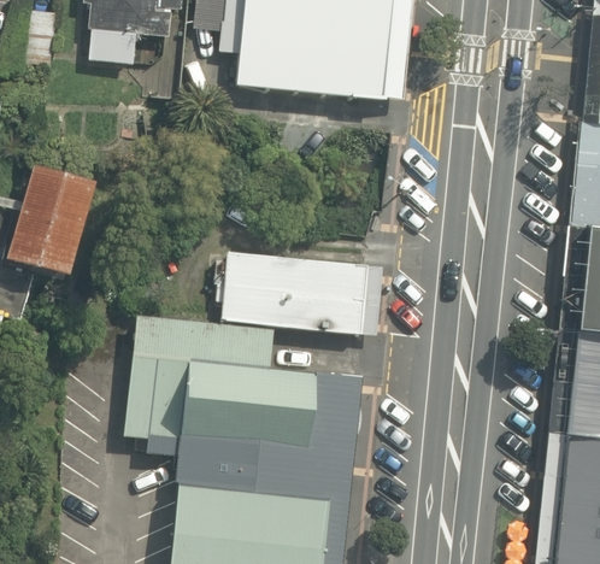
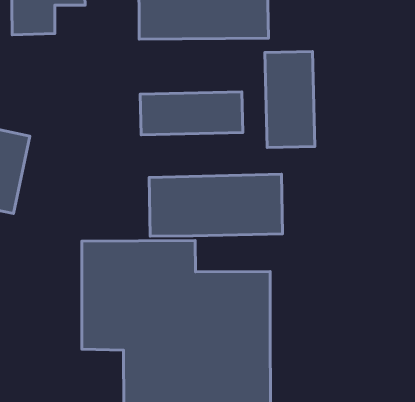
building: none -> [265,52,315,148]
building: none -> [140,92,243,135]

